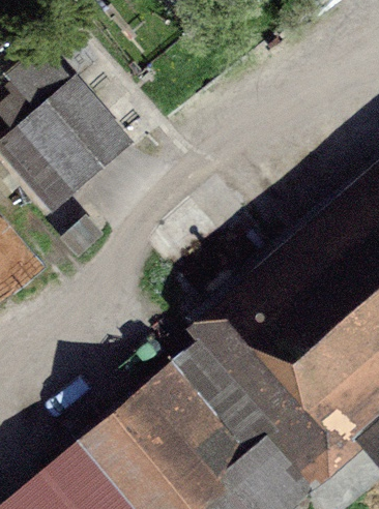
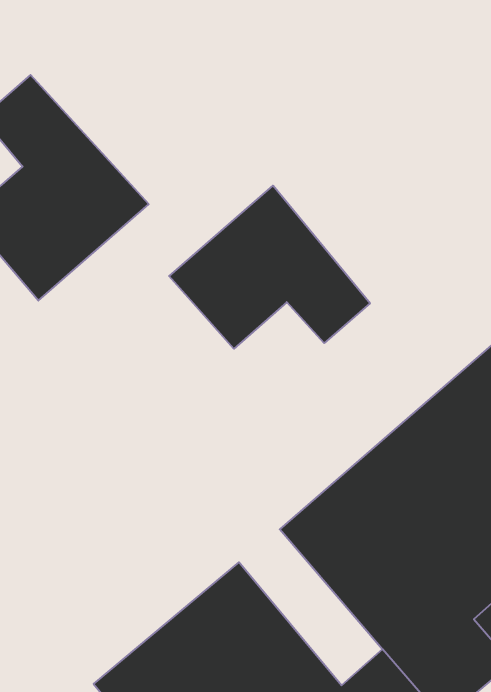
building: none -> [169,186,370,349]

